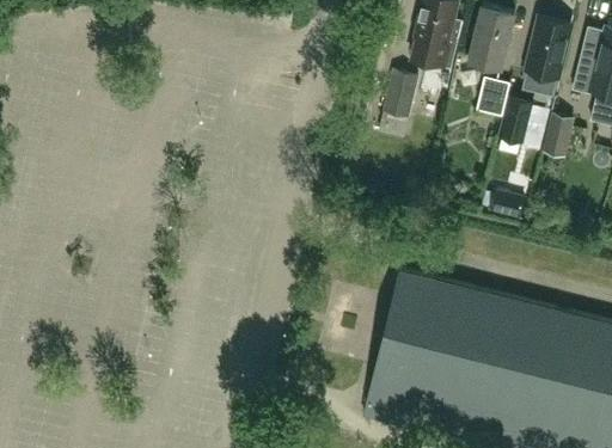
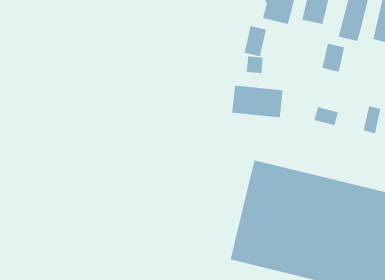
building: [477,74,509,112] -> none
building: [545,112,573,154] -> [363,106,381,134]
building: none -> [232,85,283,118]

